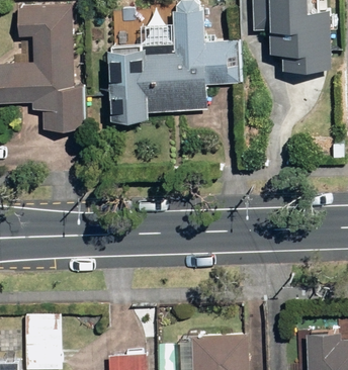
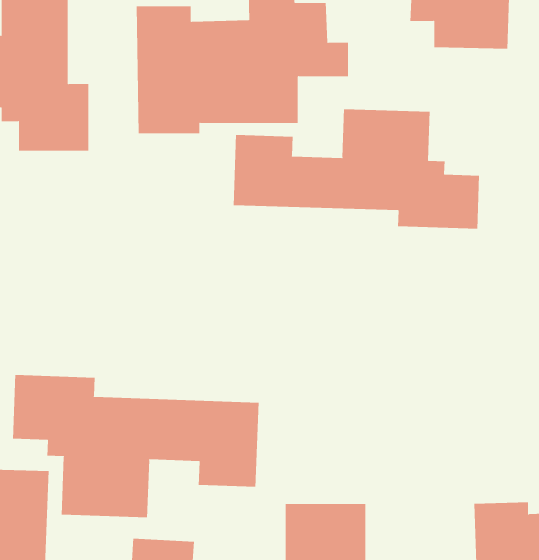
building: none -> [233,109,480,229]
building: none -> [12,374,259,518]

